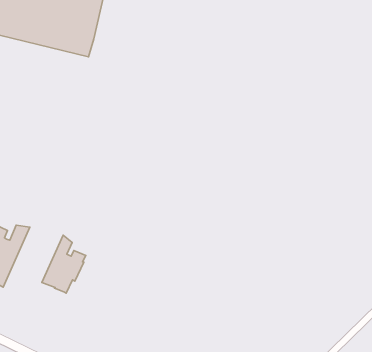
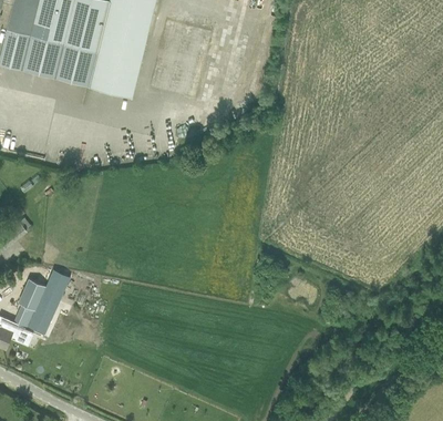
building: [42,235,86,293] -> none

